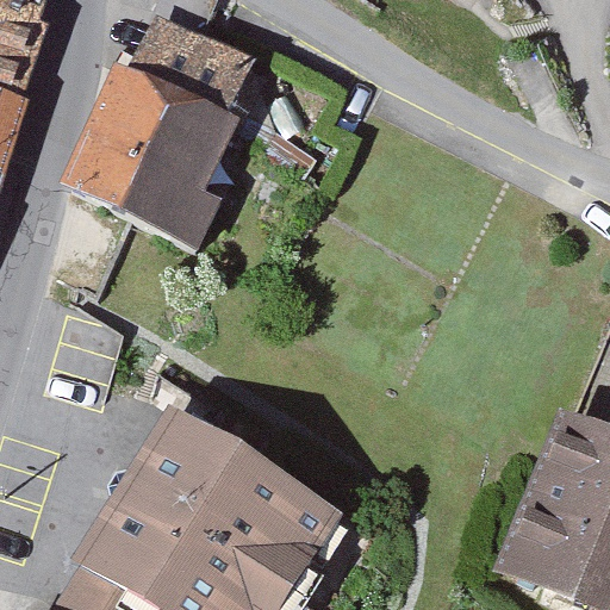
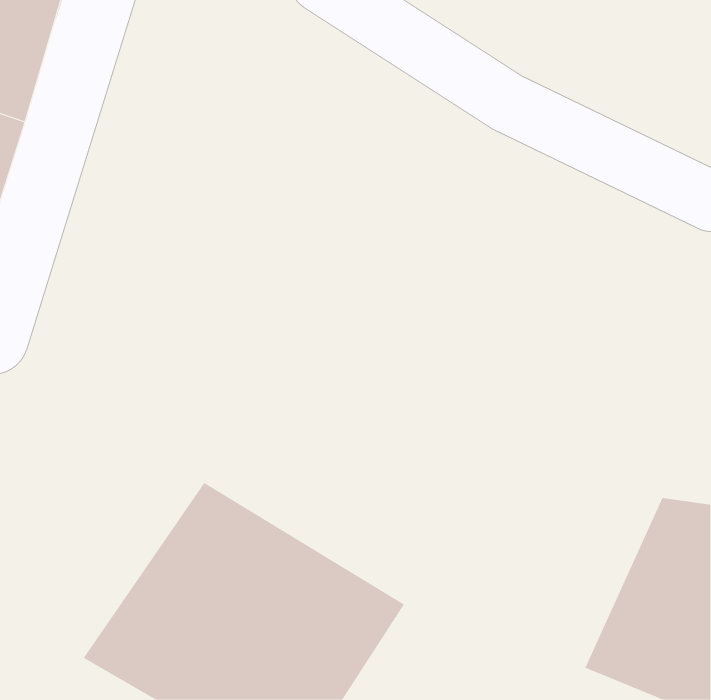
building: [62,19,242,250] -> none

